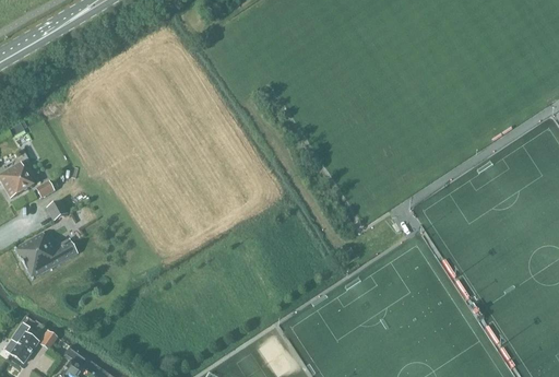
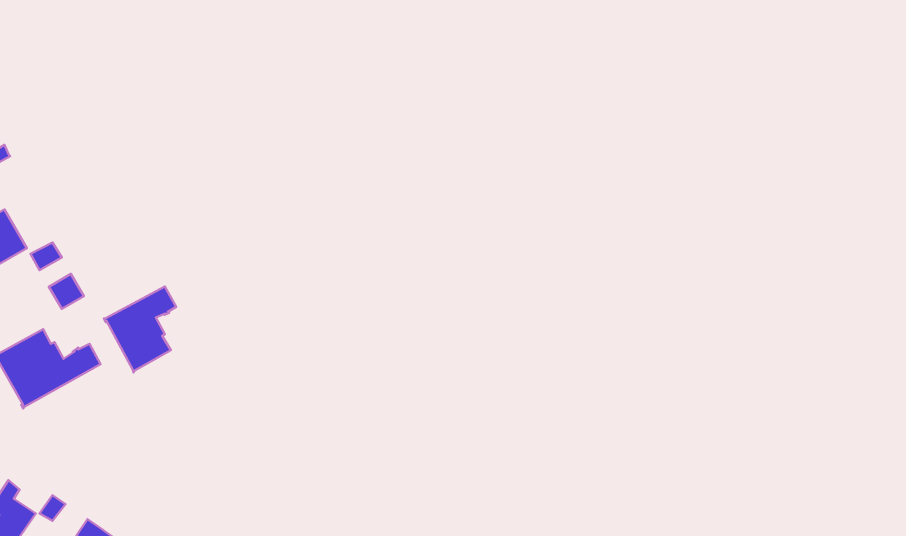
building: none -> [104,286,176,372]

